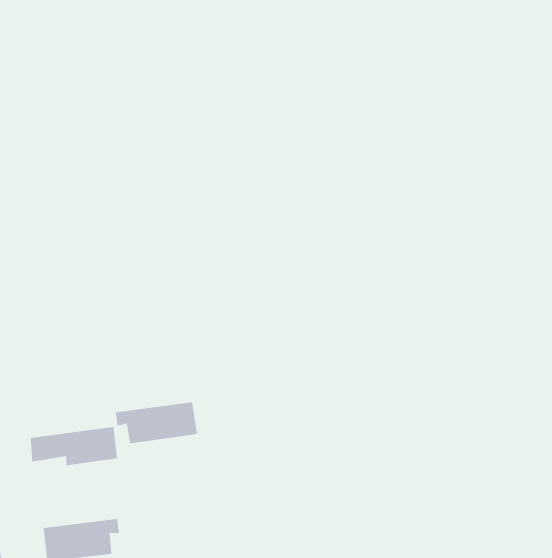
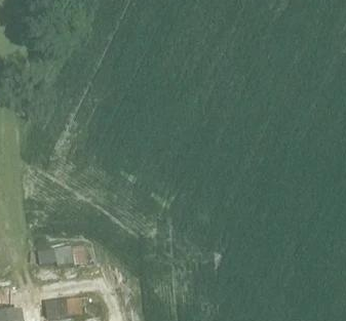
building: [115,402,197,444] -> none

